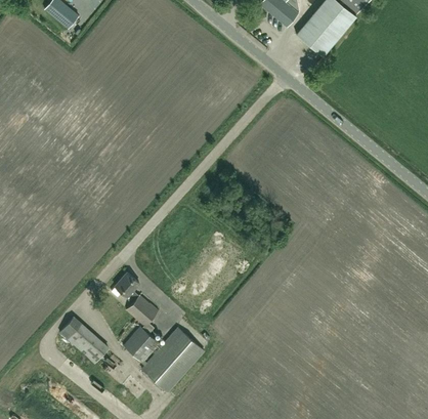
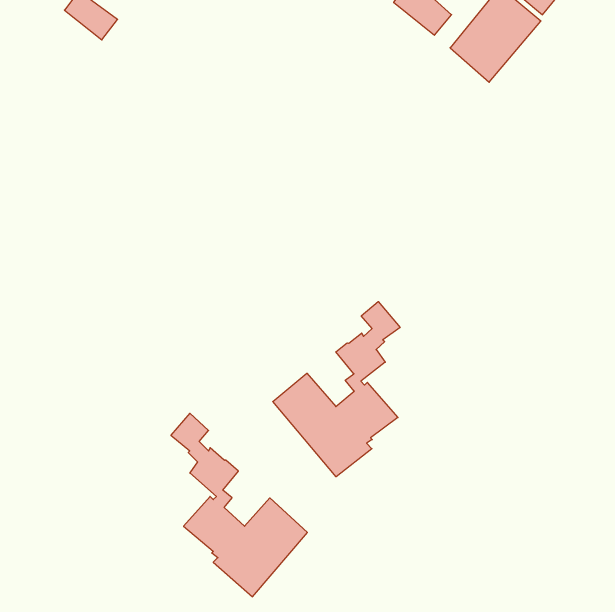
building: none -> [273,302,400,477]
building: [59,317,109,363] -> none

